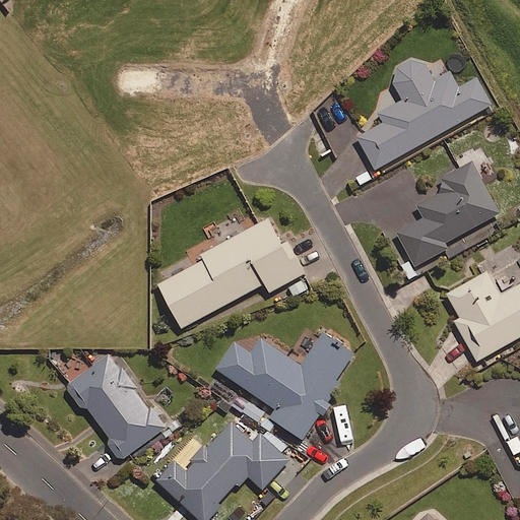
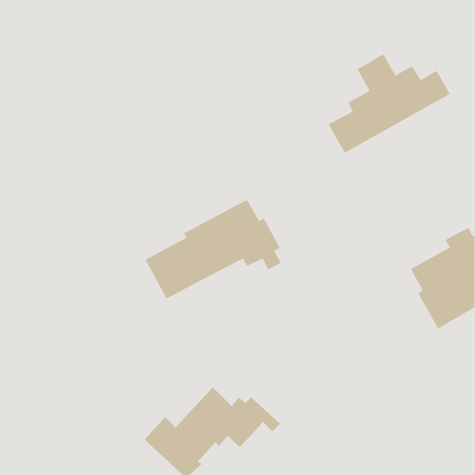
building: [395,160,498,267] -> none
building: [215,334,351,439] -> none
building: [63,353,164,461] -> none

